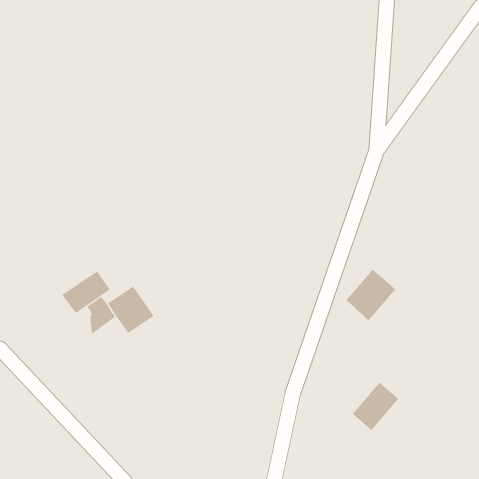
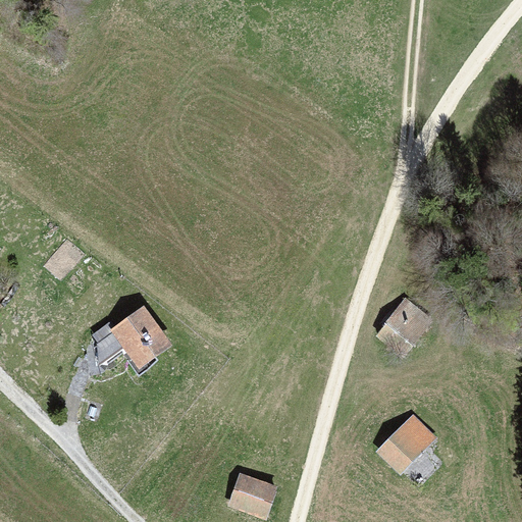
building: [62,271,111,314] -> none
building: none -> [228,476,274,517]

